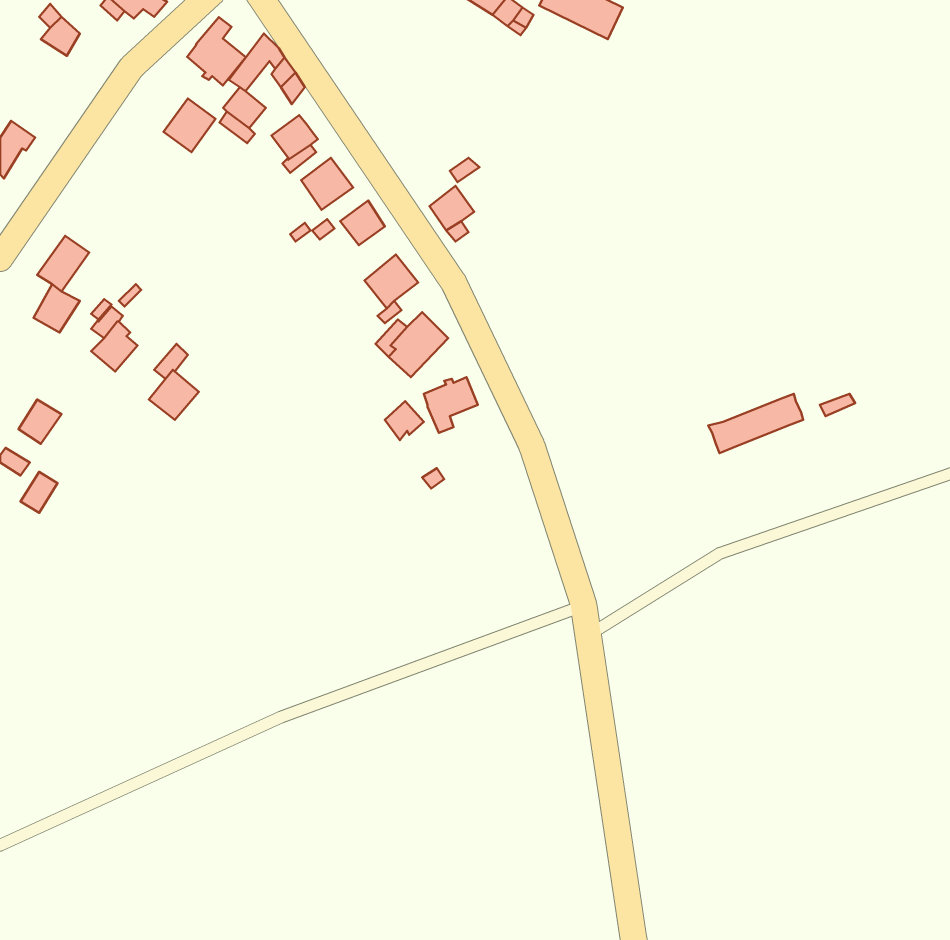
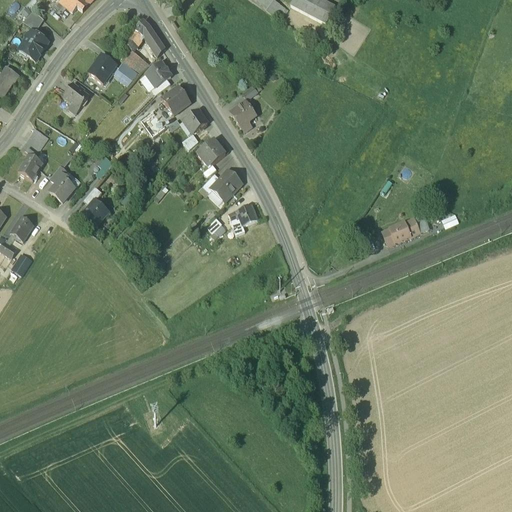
building: [187,17,246,85] -> none
building: none -> [19,30,47,59]
building: none -> [63,83,89,113]

